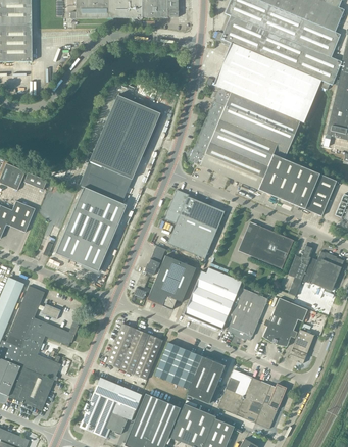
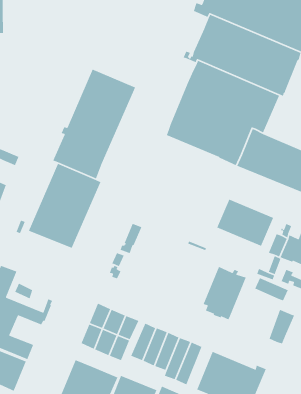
building: [165,190,225,258] -> none
building: [146,255,196,309] -> none
building: [183,267,242,330] -> none
building: [263,309,298,347] -> none

